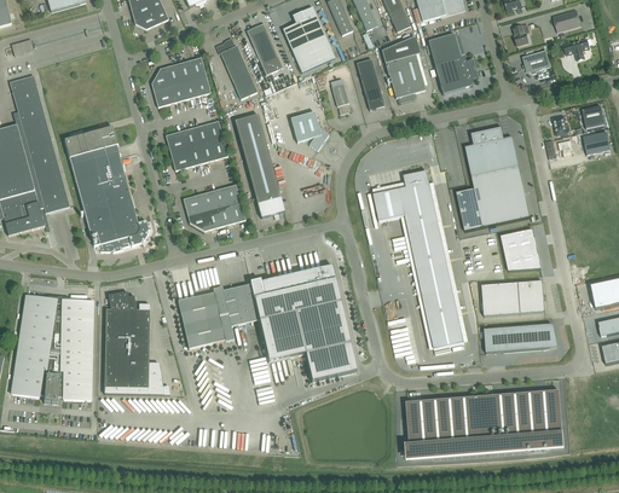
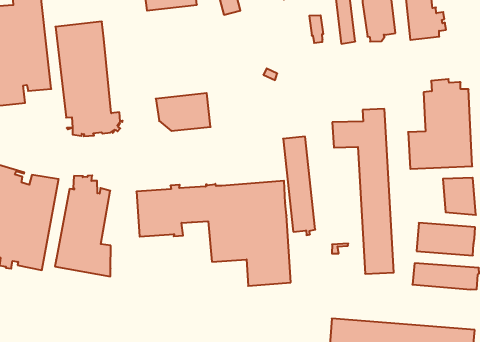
building: [290,111,329,149] -> none
building: [235,114,284,218] -> [283,137,315,235]
building: [166,120,228,169] -> none

